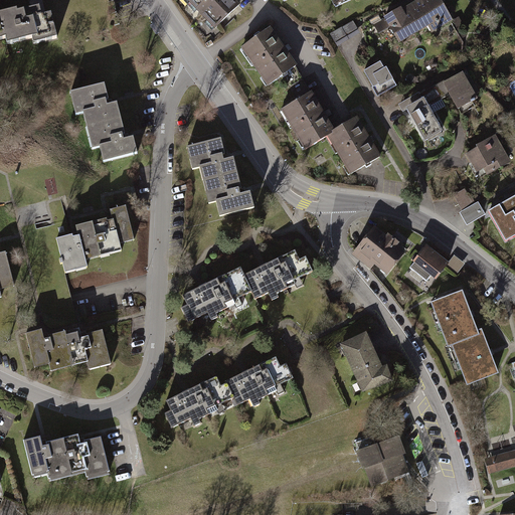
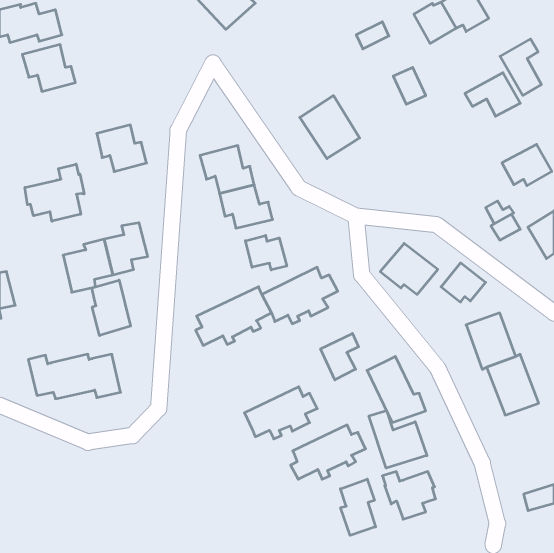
building: [239,25,295,82] -> none
building: [71,80,121,124] -> [22,45,75,91]
building: [402,87,441,139] -> [500,39,541,95]
building: [325,114,380,172] -> none
building: none -> [25,164,84,221]
building: none -> [245,235,287,270]
building: none -> [92,280,131,336]
building: none -> [321,333,359,380]
building: [164,375,233,425] -> [291,425,366,479]
building: none -> [369,411,427,468]
building: [24,434,111,479] -> none
building: none -> [340,479,376,535]

